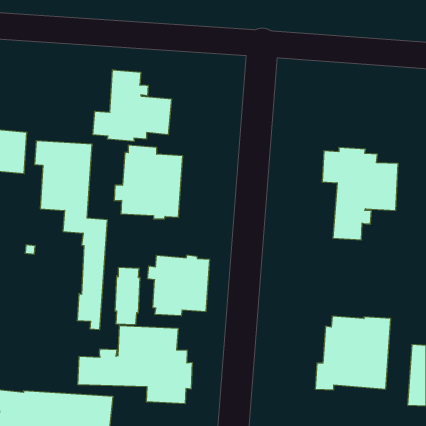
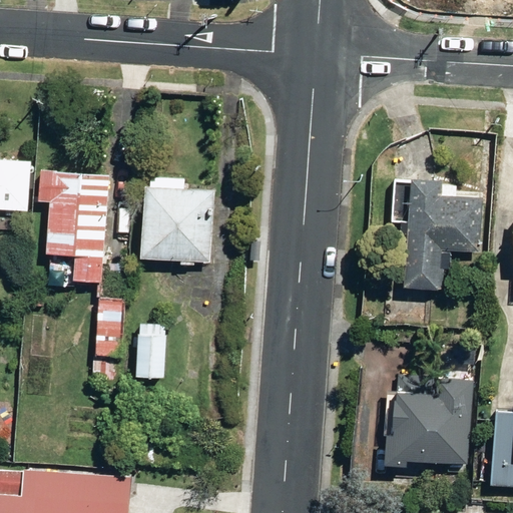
building: [93,70,171,141] -> none
building: [148,255,210,316] -> none
building: [78,325,192,404] -> none

